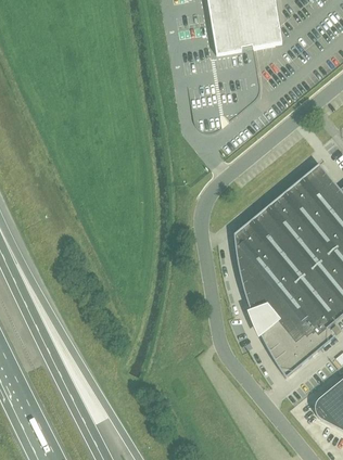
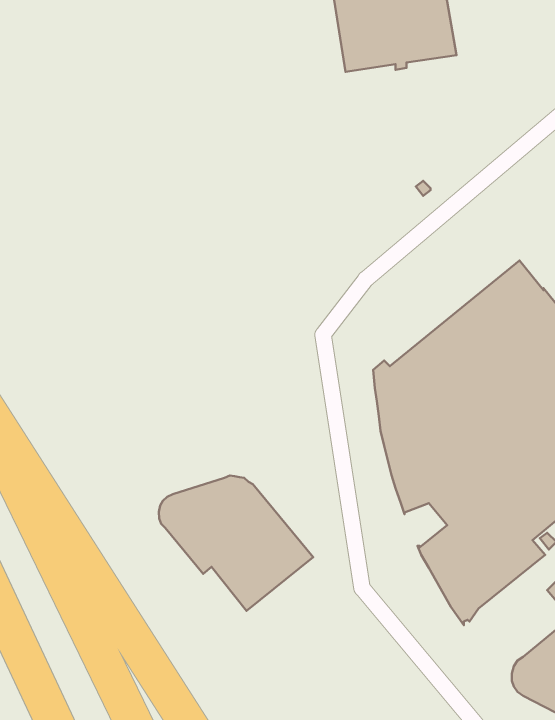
building: none -> [159,475,313,611]

